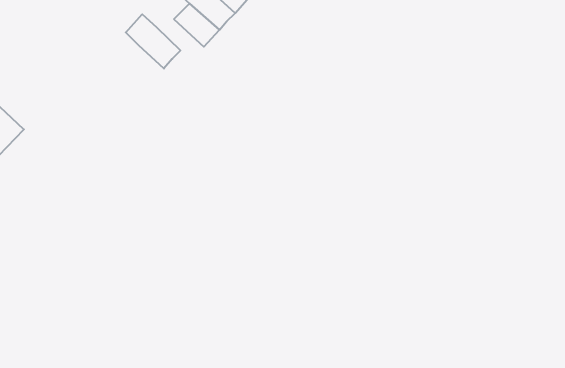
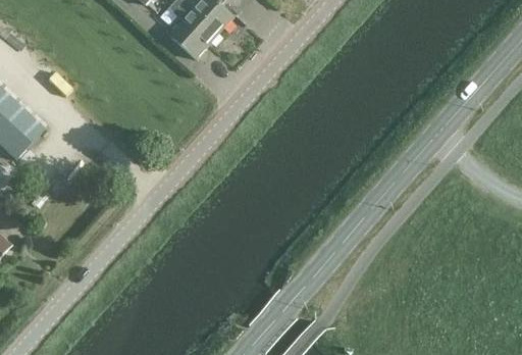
building: [126,14,180,69] -> none

